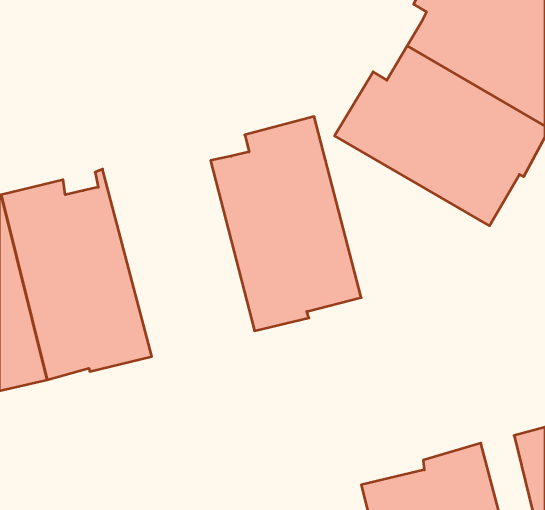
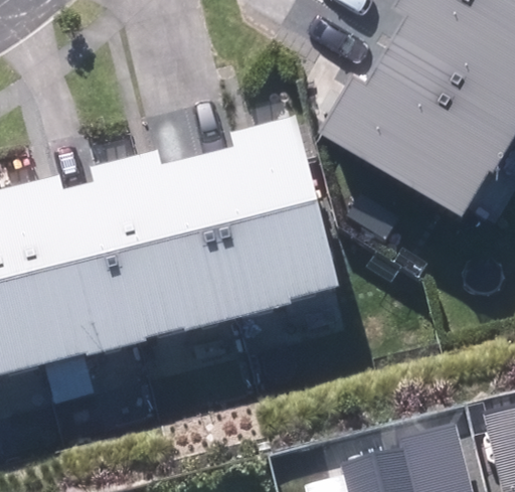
building: none -> [98,150,240,341]

